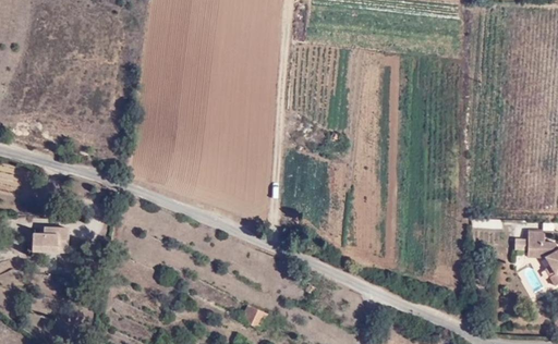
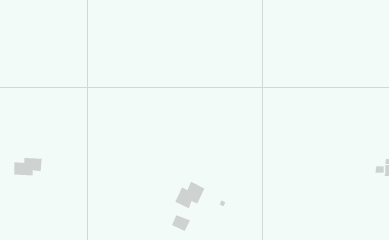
building: none -> [174,181,205,209]

